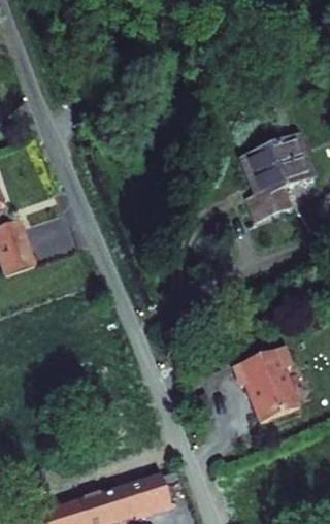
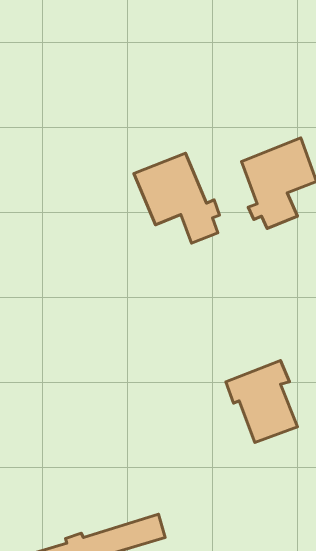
building: none -> [134,153,220,243]

